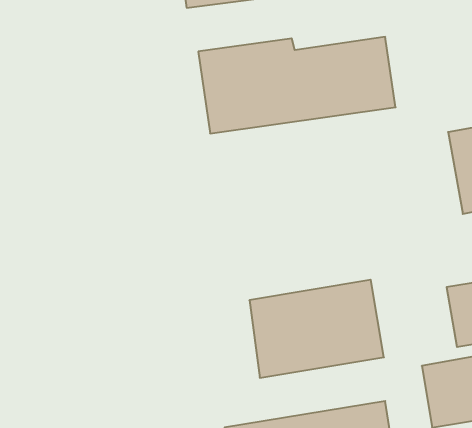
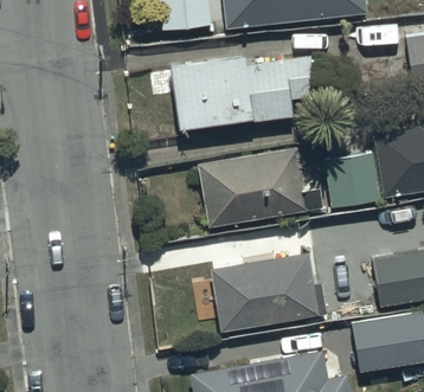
building: none -> [193,150,300,227]
building: none -> [320,156,373,210]

